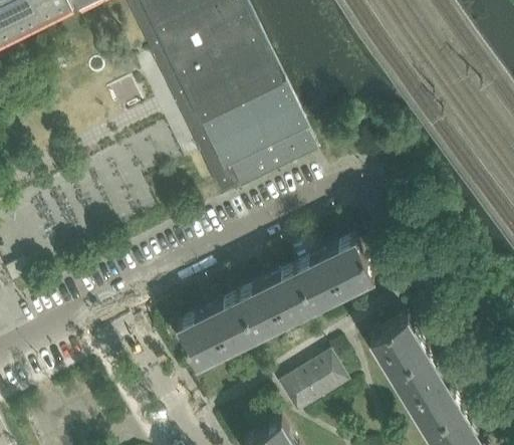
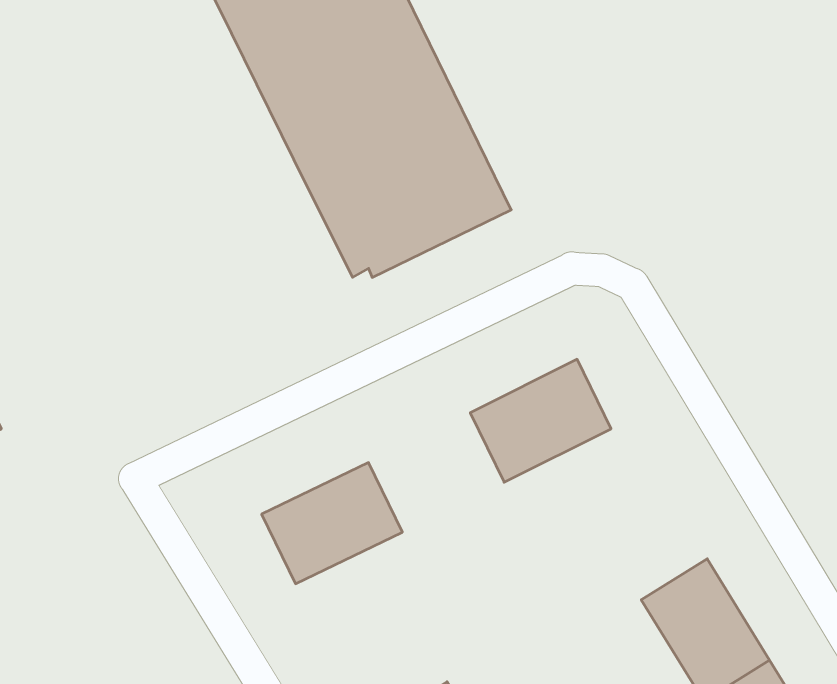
building: [235,269,311,337] -> none
building: [368,318,426,375] -> none
building: [277,356,346,416] -> none

